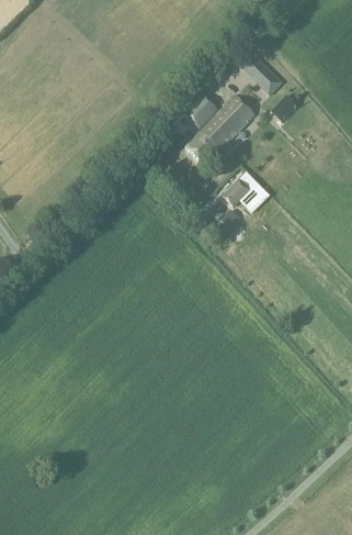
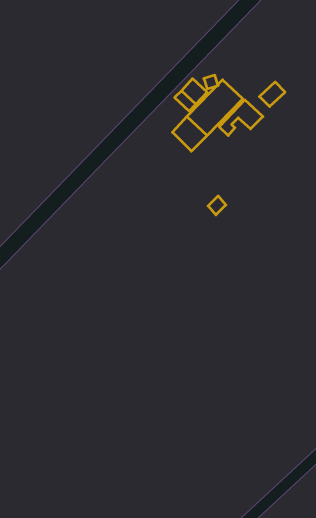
building: [243,54,284,93] -> none
building: [223,176,254,209] -> none

